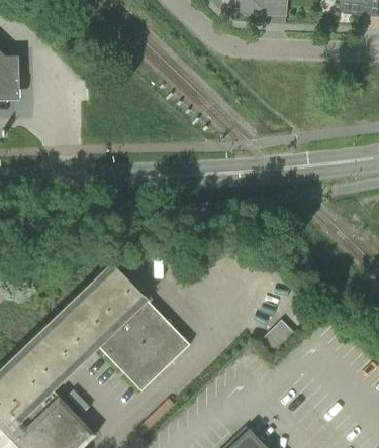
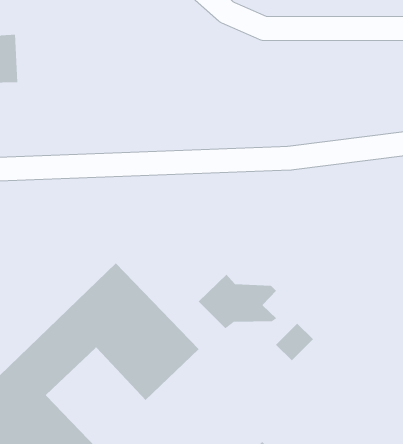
building: none -> [198,274,277,329]

